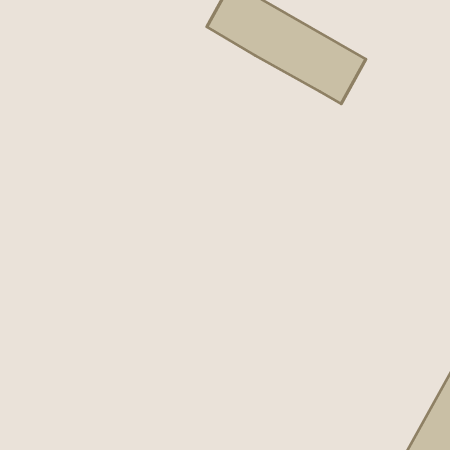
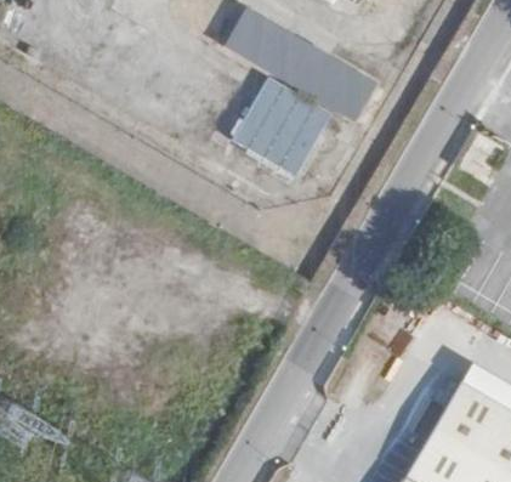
building: none -> [233,75,333,175]

